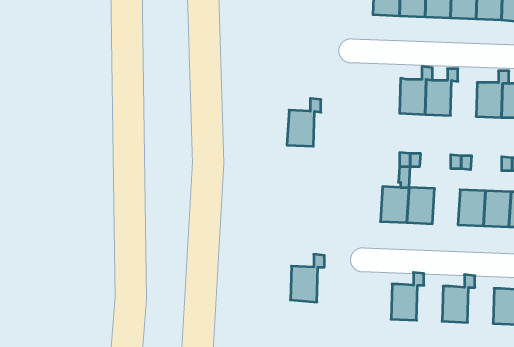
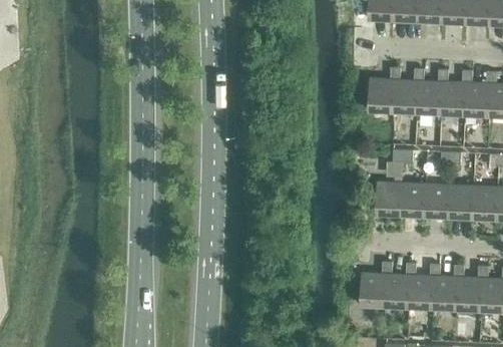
building: none -> [441,70,472,114]
building: [287,98,321,146] -> [368,66,400,111]
building: none -> [424,183,450,217]
building: [290,254,324,302] -> [360,261,392,306]
building: none -> [409,263,440,308]
building: none -> [457,265,488,310]

